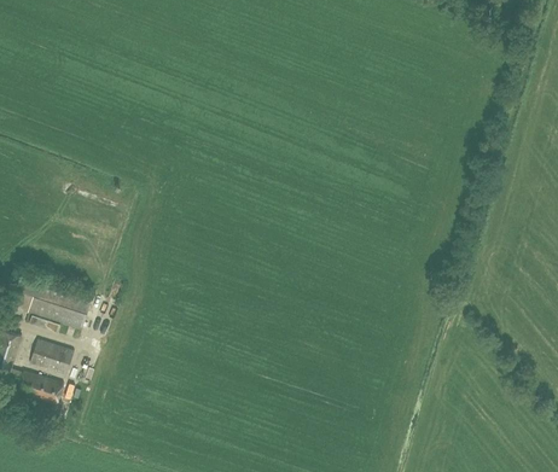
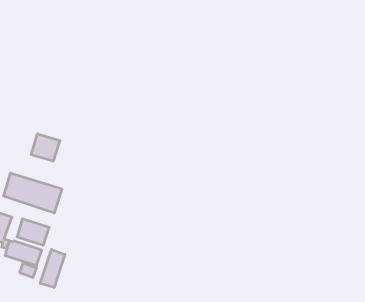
building: none -> [31,134,60,161]
building: none -> [40,249,65,288]

